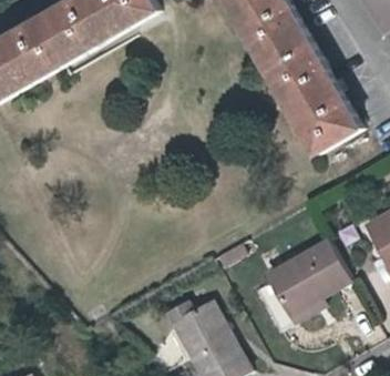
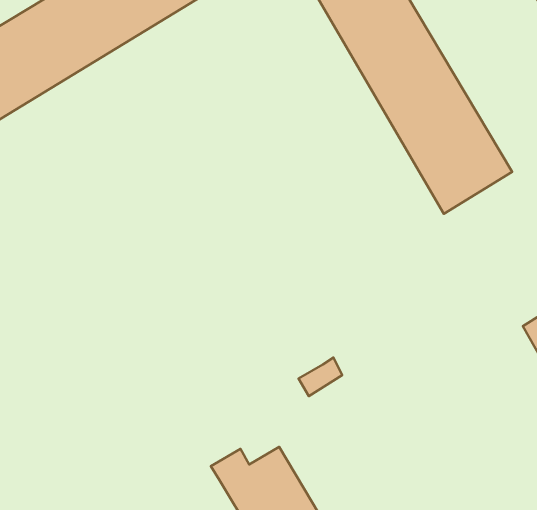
building: [254,236,353,329] -> none

